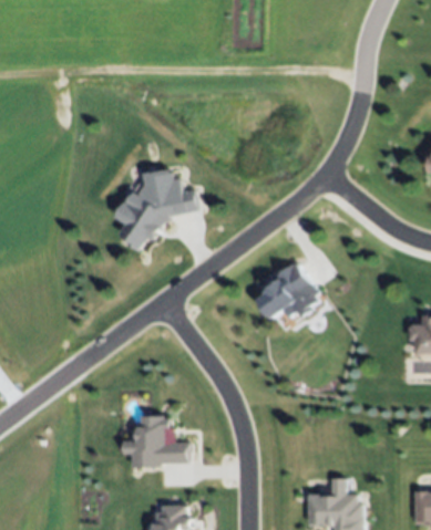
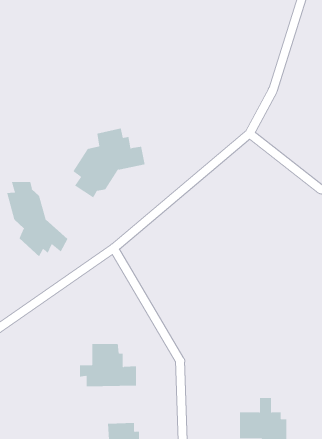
building: none -> [6,181,68,257]
building: [253,266,320,319] -> none

